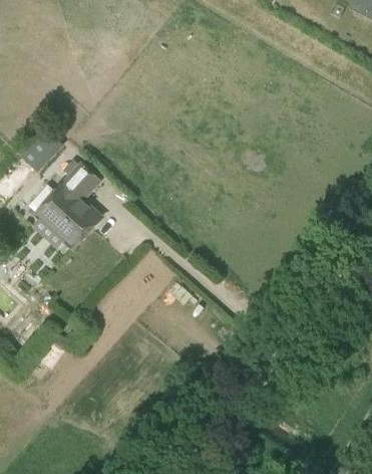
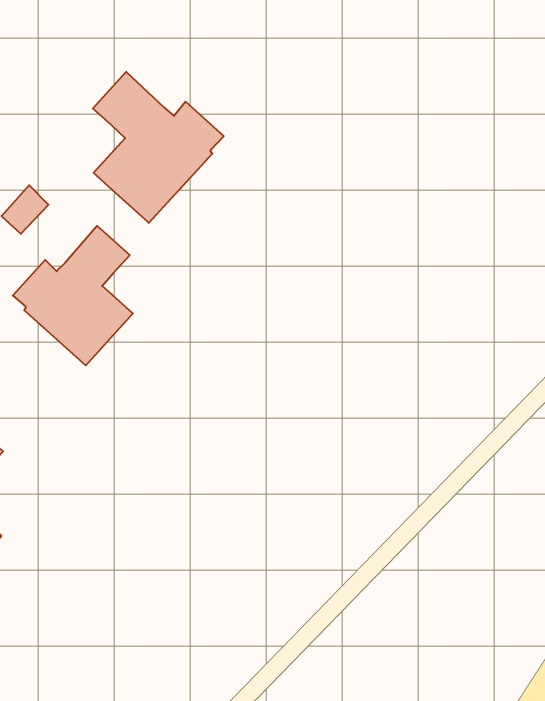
building: none -> [93,72,224,223]

